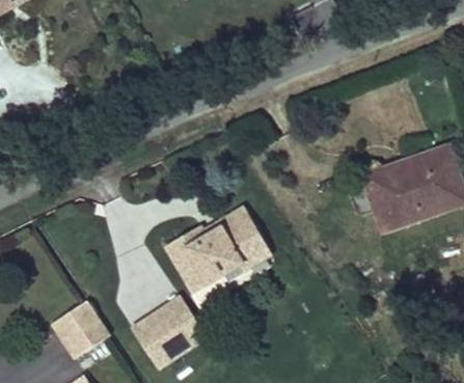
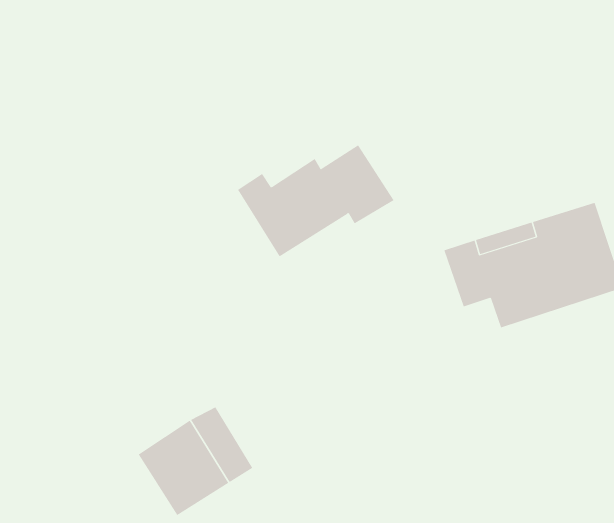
building: [166,209,275,286] -> [237,145,394,257]
building: [53,295,111,352] -> none

